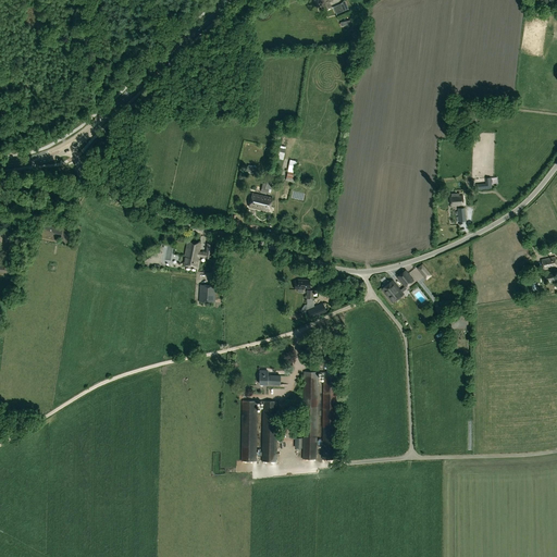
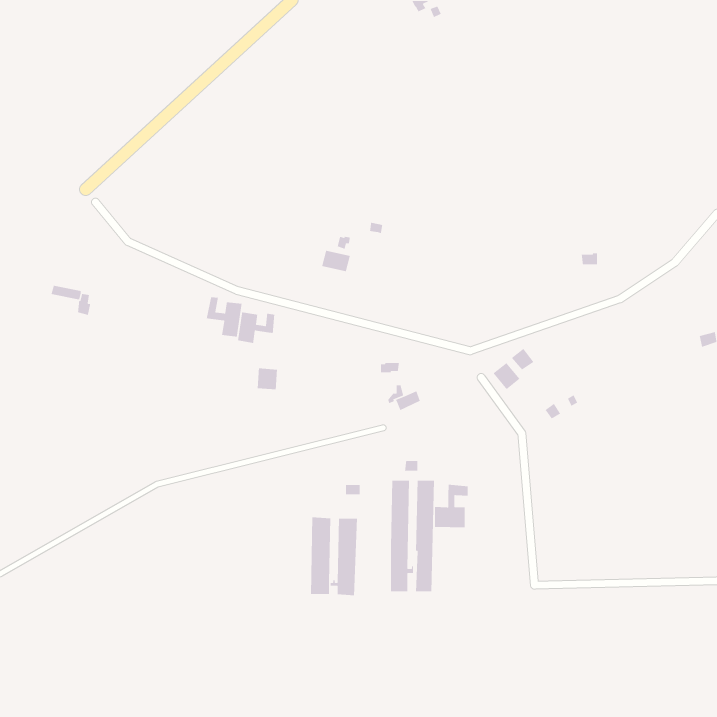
building: none -> [206,296,243,337]
building: none -> [434,484,468,528]

